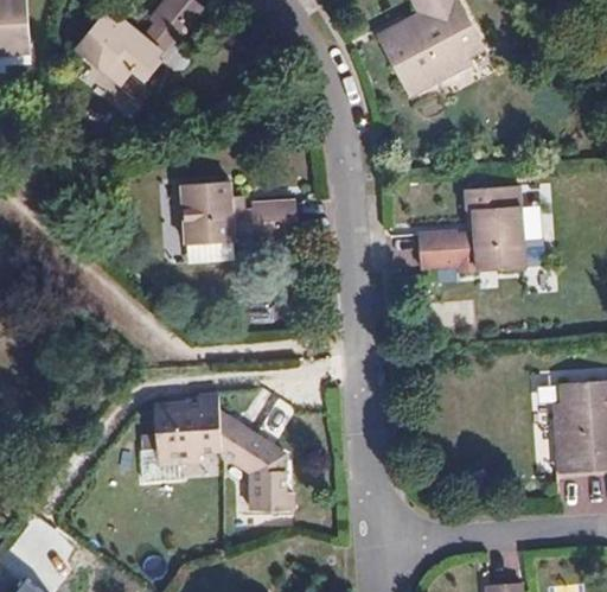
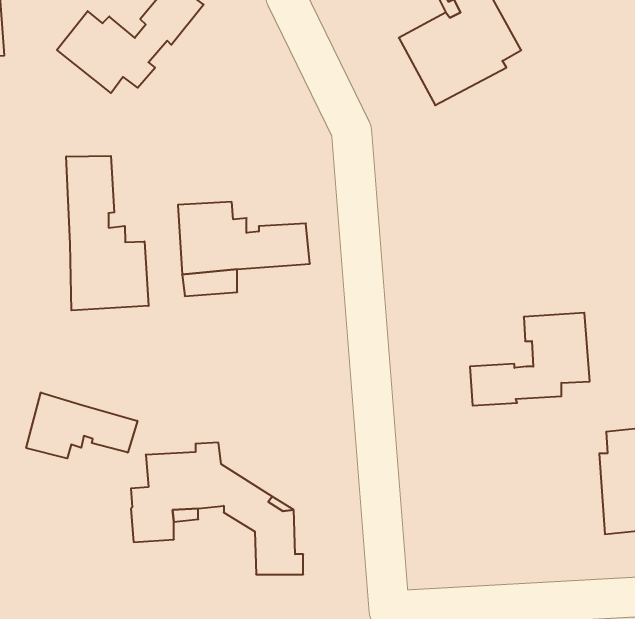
building: none -> [66,156,149,310]
building: [418,186,524,268] -> [470,313,590,406]
building: none -> [26,392,137,458]

